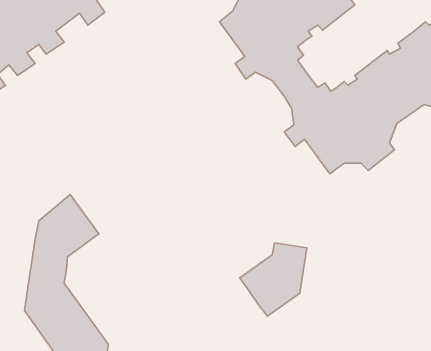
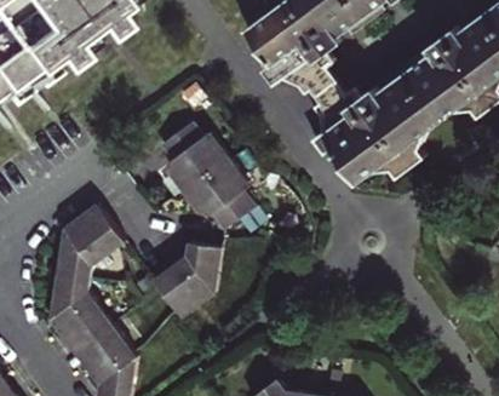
building: none -> [160,124,254,230]
building: [240,243,307,316] -> [154,245,222,318]

